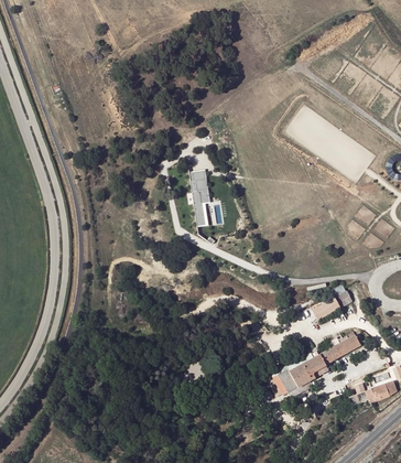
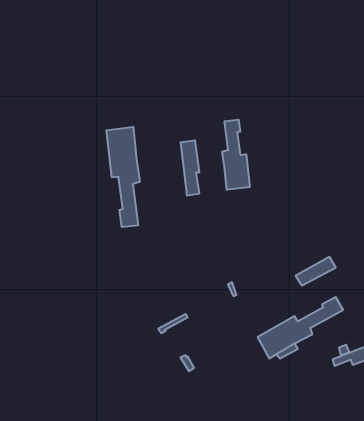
building: none -> [222,120,250,190]
building: none -> [106,127,140,227]

